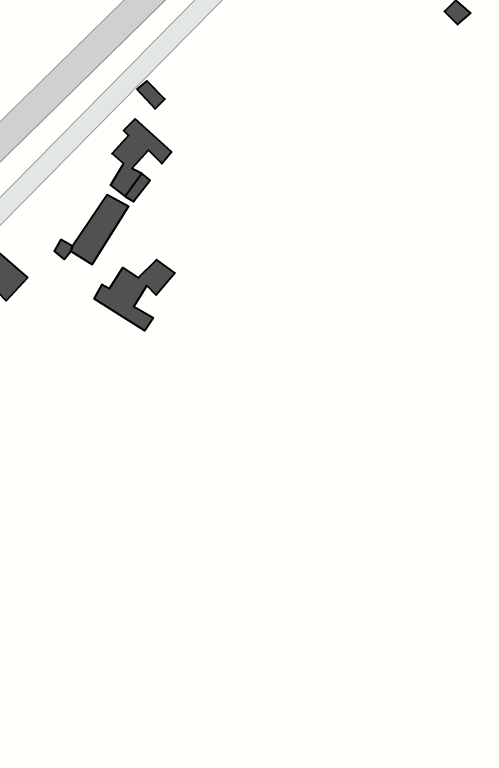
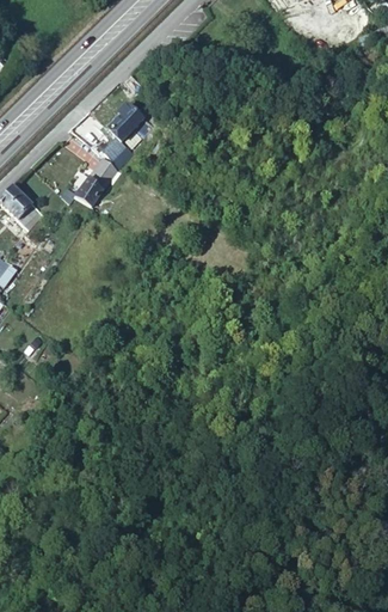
building: [94,260,175,331] -> none

